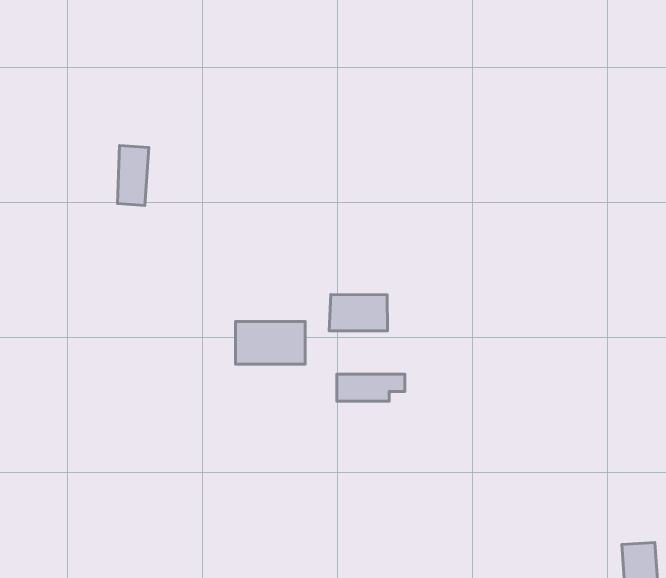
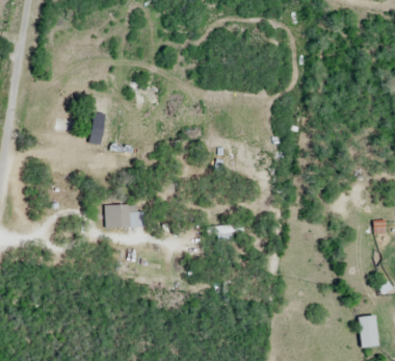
building: [329,295,387,331] -> none
building: [235,321,305,364] -> [105,205,142,228]

